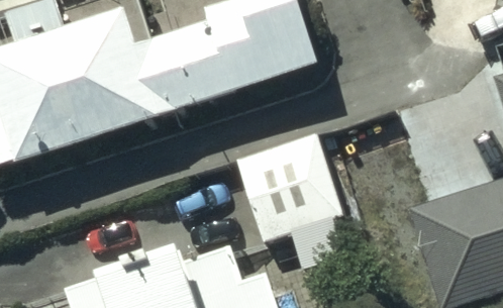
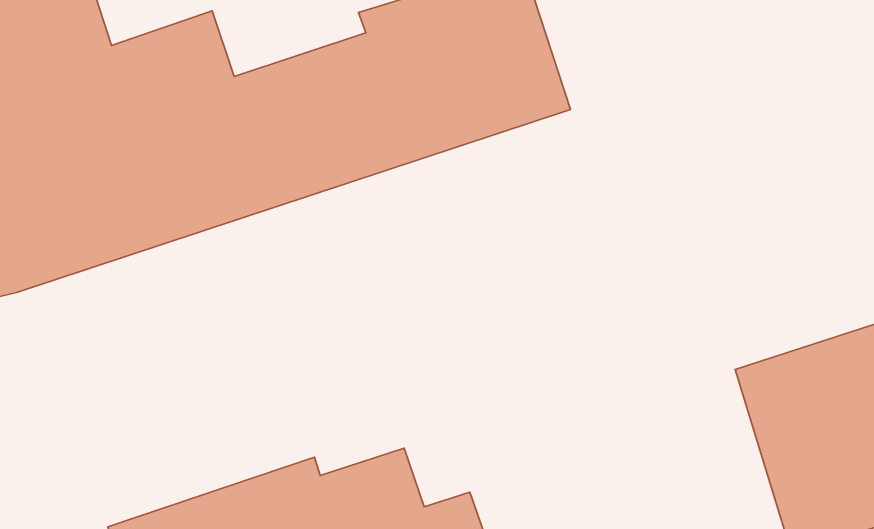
building: [237,134,346,272] -> none

